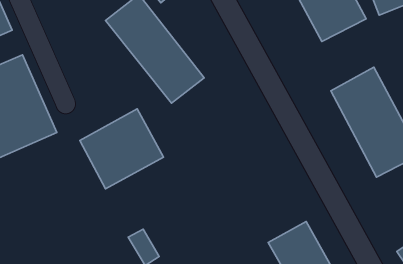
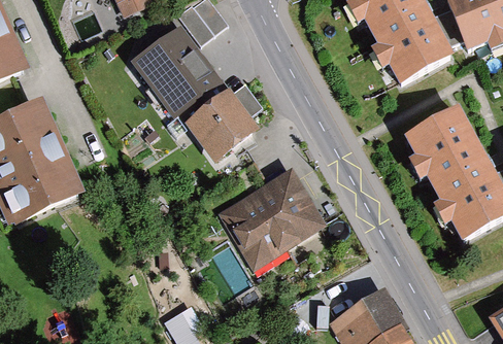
building: [80,109,164,189] -> [225,171,323,265]

